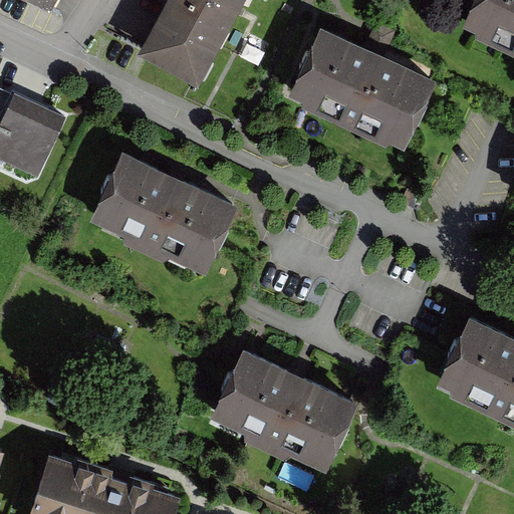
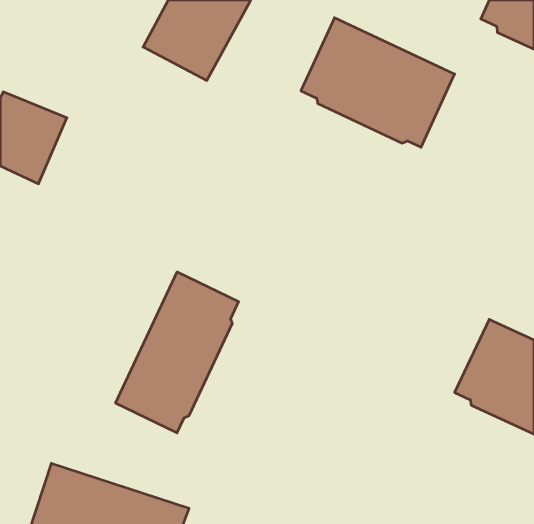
building: [90,152,239,276] -> none
building: none -> [116,272,239,433]
building: [211,348,359,473] -> none

